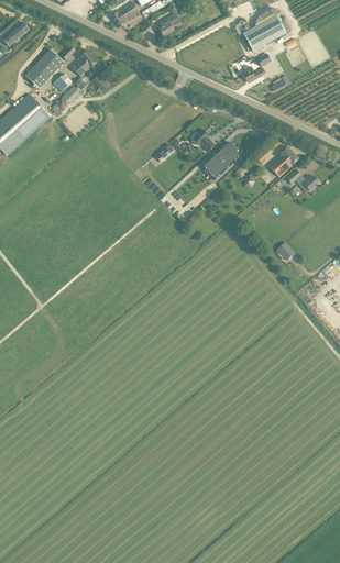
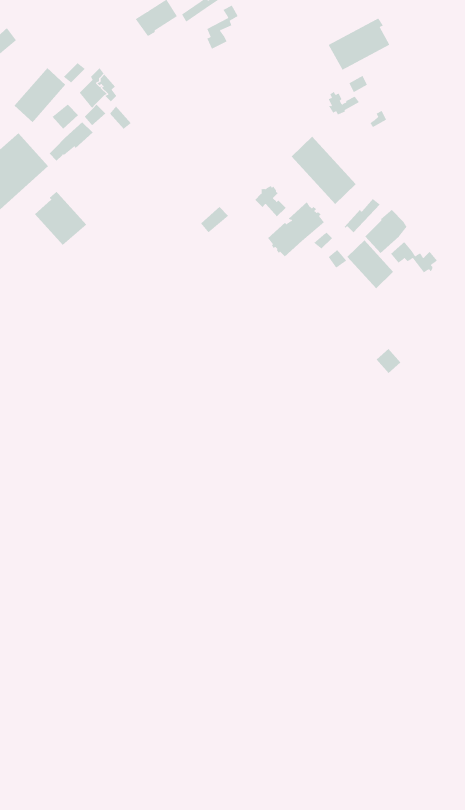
building: none -> [291,136,357,205]
building: none -> [34,191,87,246]
building: none -> [347,240,394,289]

